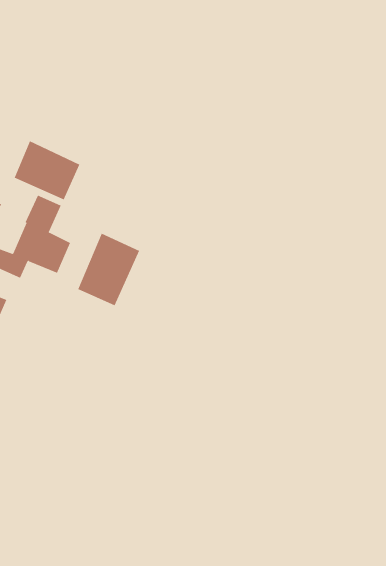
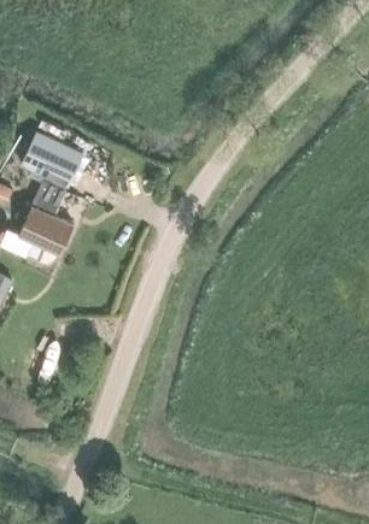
building: [78,233,140,306] -> none

